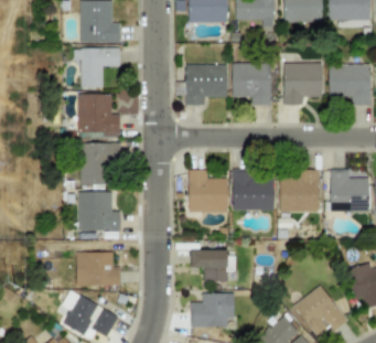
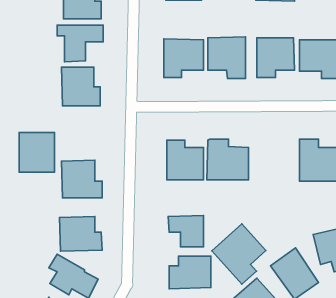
building: [80,144,118,186] -> [19,132,55,172]
building: [279,170,320,213] -> none
building: none -> [212,224,266,284]

